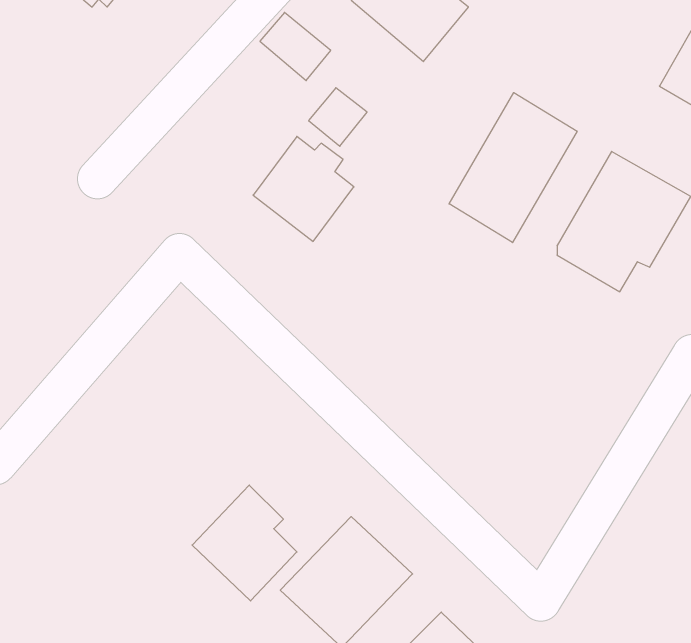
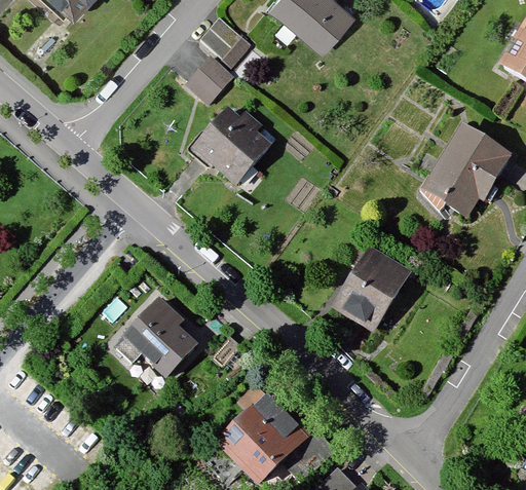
building: [309,88,367,146] -> [186,54,230,99]
building: [449,93,577,243] -> none
building: none -> [330,248,412,338]
building: [192,485,297,601] -> [116,297,195,384]

